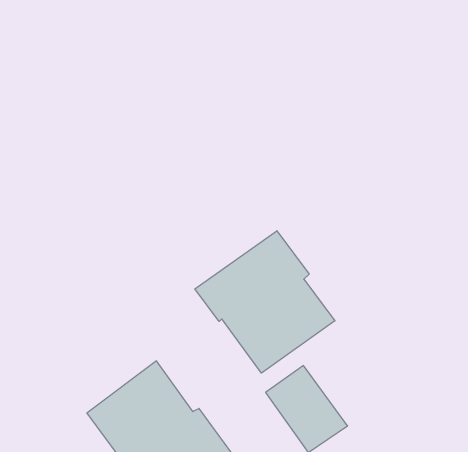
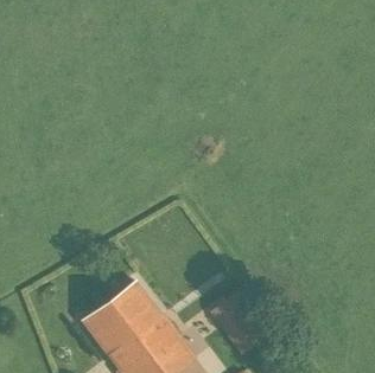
building: [195,231,335,373] -> none

